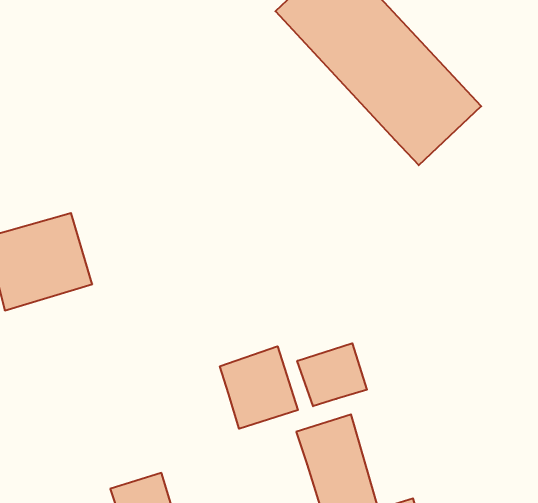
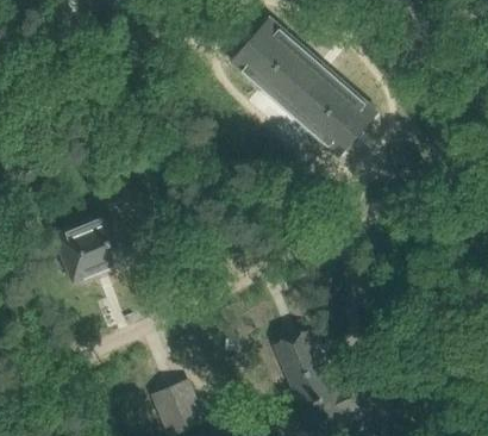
building: [297,343,367,406] -> none
building: [220,346,298,429] -> none

